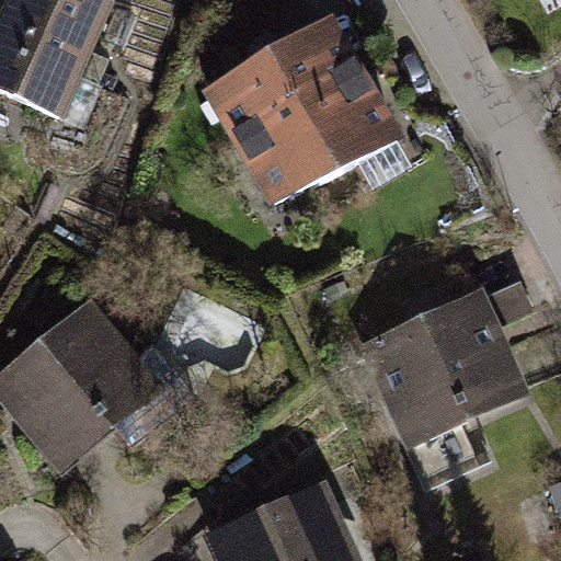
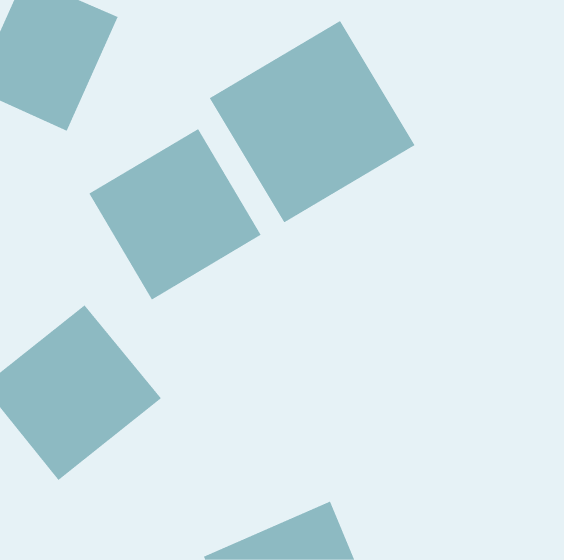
building: none -> [89,128,261,300]
building: [359,279,528,438] -> none

